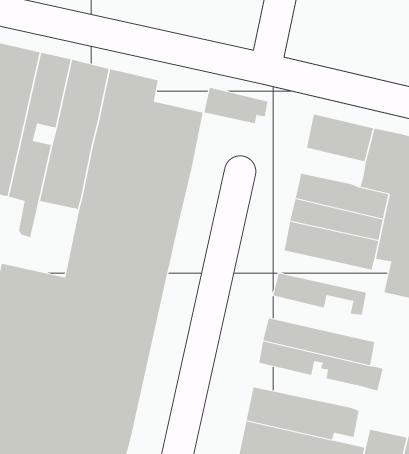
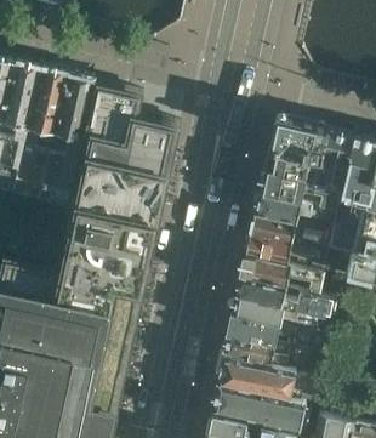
building: [204,87,268,124] -> [263,153,319,184]
building: none -> [244,241,325,278]
building: none -> [235,280,326,319]
building: none -> [222,339,312,377]

